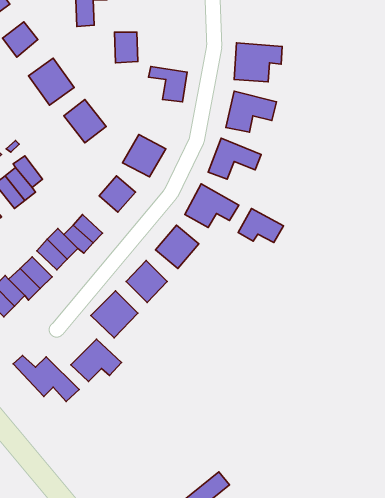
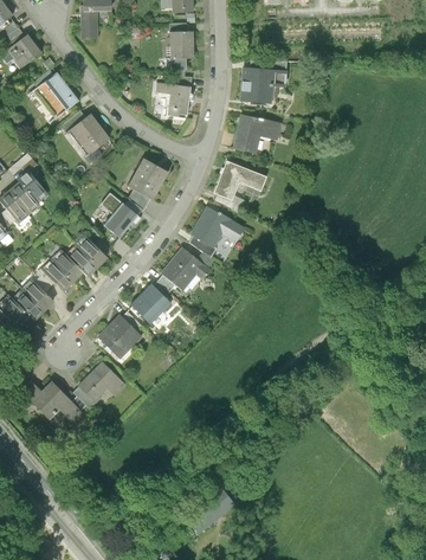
building: [114,32,138,63] -> [170,36,194,66]
building: [238,209,284,243] -> none

